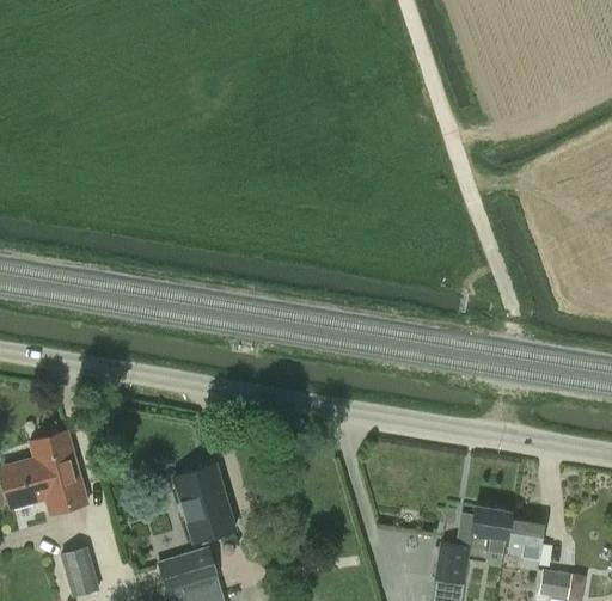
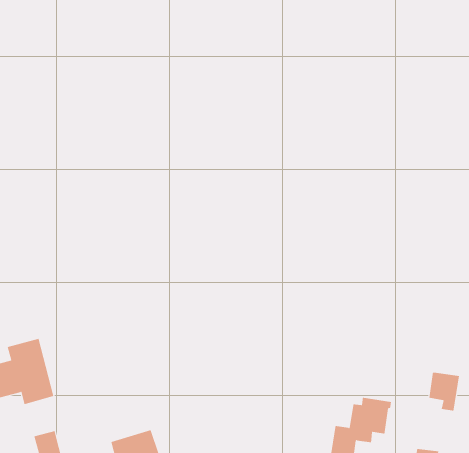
building: [173,465,235,544] -> none
building: [503,520,543,569] -> [428,372,460,411]

